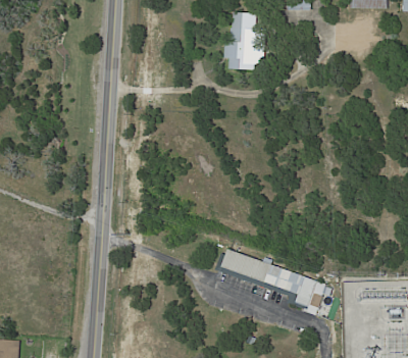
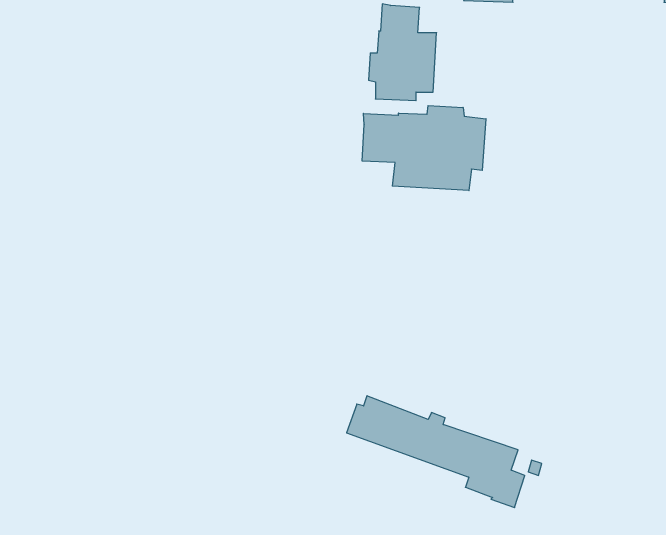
building: none -> [362,106,486,191]

